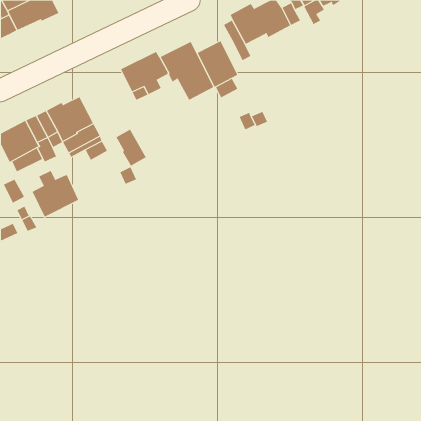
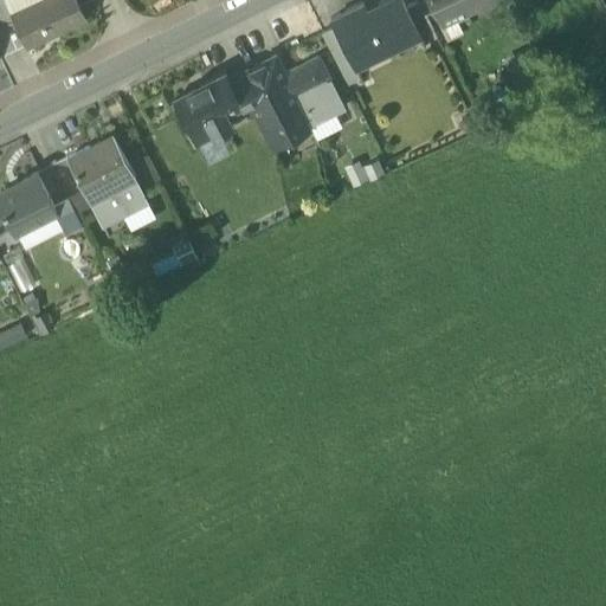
building: [116,129,147,166] -> none
building: [32,170,79,217] -> none

